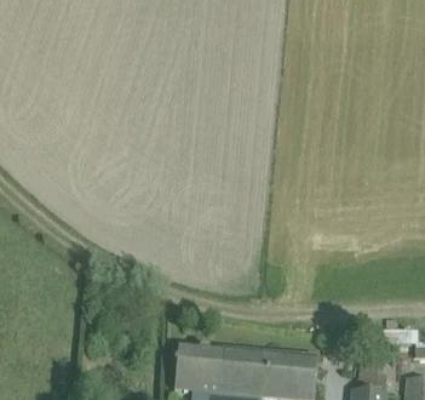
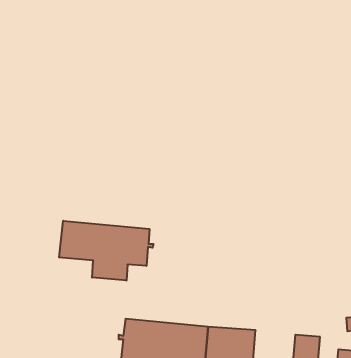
building: none -> [59,221,153,281]

